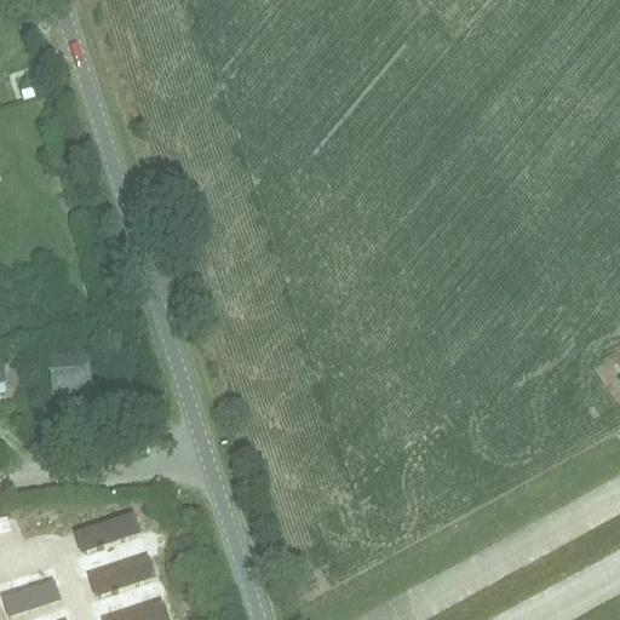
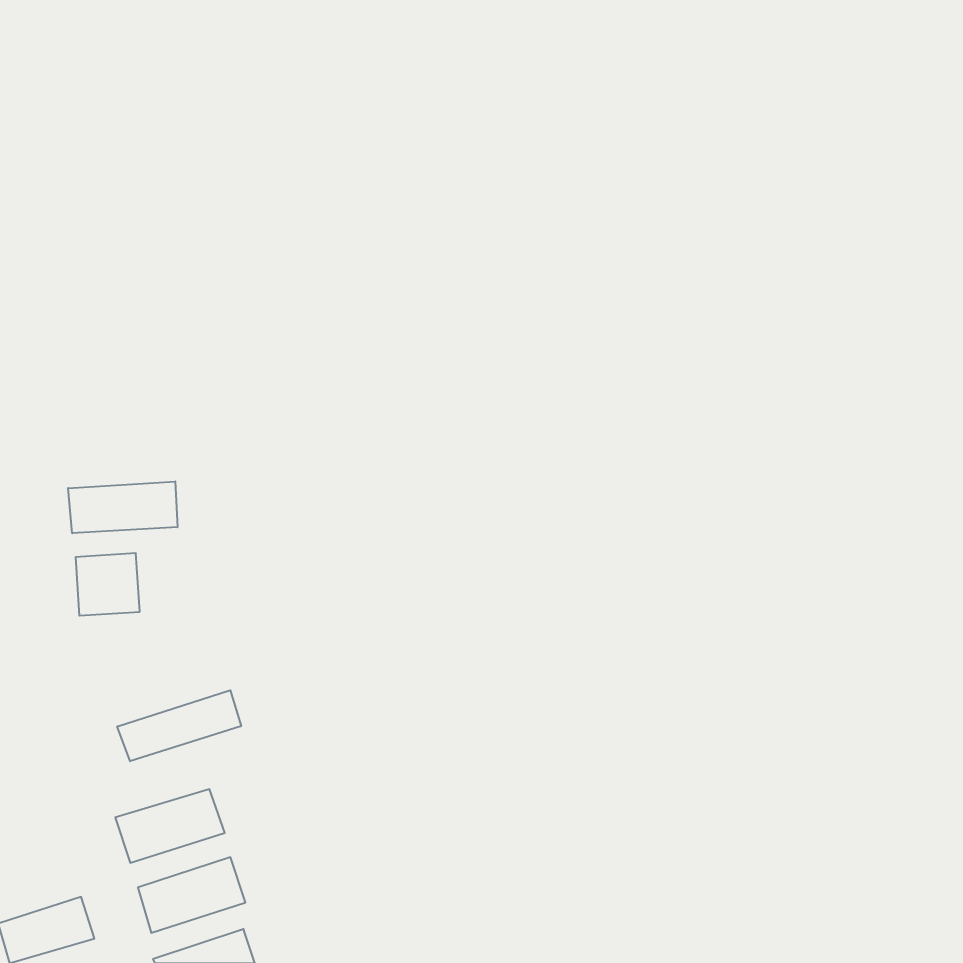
building: none -> [68,481,177,533]
building: none -> [117,690,241,761]

